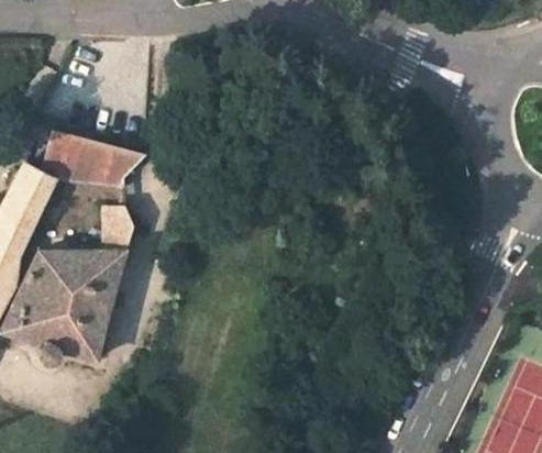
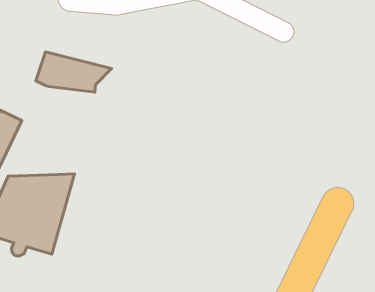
building: [41,131,144,186] -> [36,52,112,92]
building: [103,209,132,251] -> none

